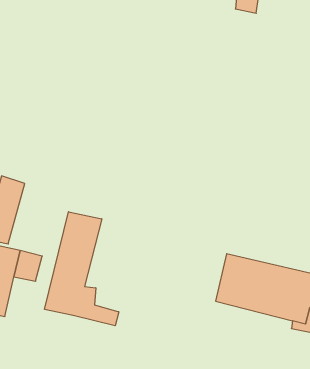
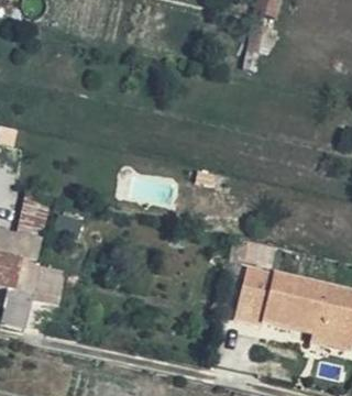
building: [45,212,119,326] -> none

